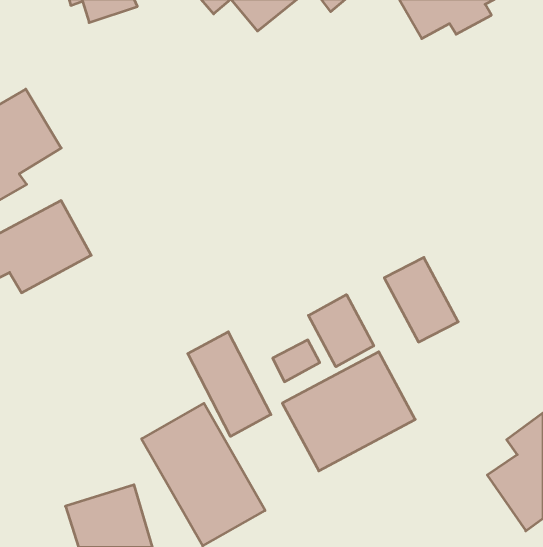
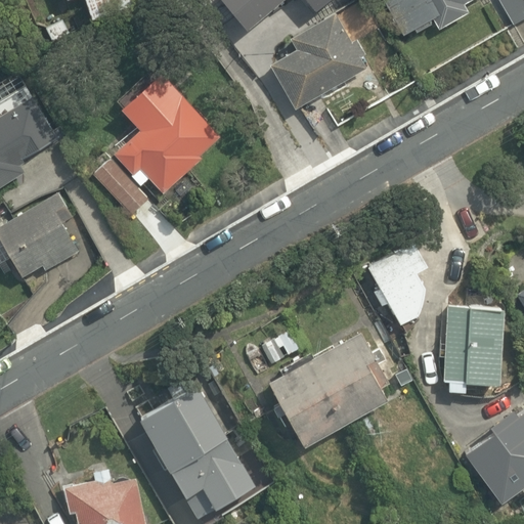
building: none -> [265,12,367,113]
building: none -> [87,70,225,206]
building: [308,295,374,367] -> none
building: none -> [440,308,513,394]
building: [188,332,271,436] -> none

